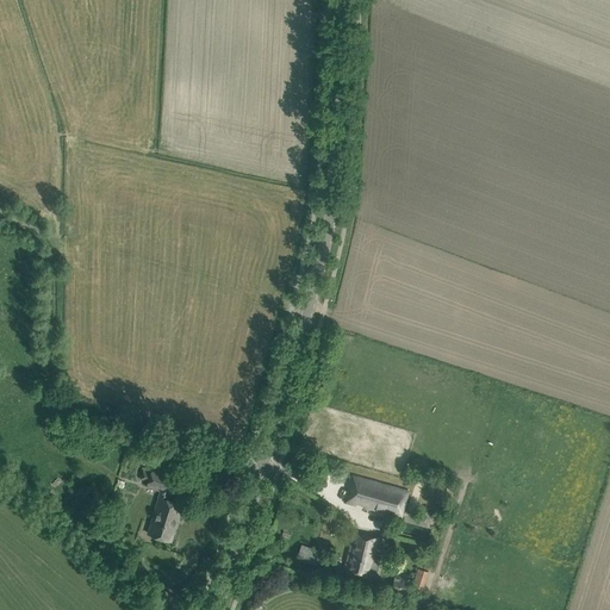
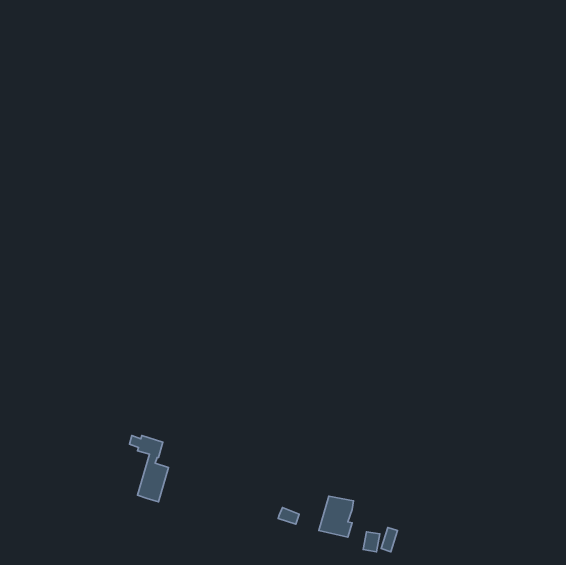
building: [346,475,407,516] -> none

